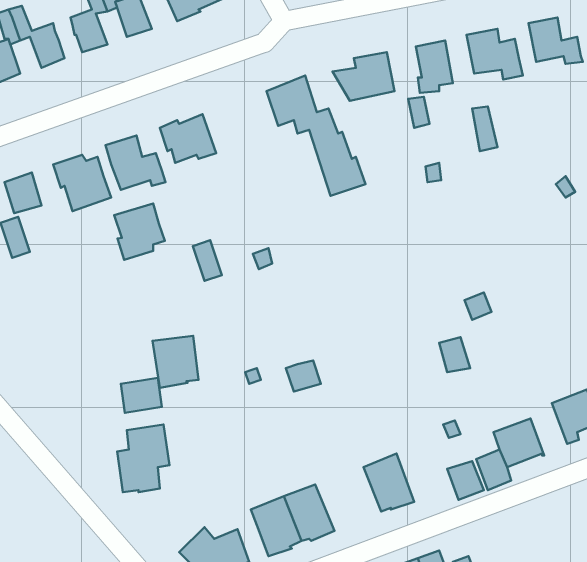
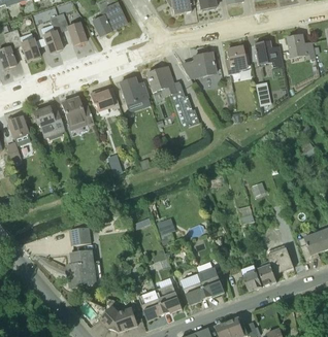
building: none -> [119,77,147,104]
building: [114,203,165,260] -> none
building: [152,336,199,388] -> none
building: none -> [181,273,207,304]

